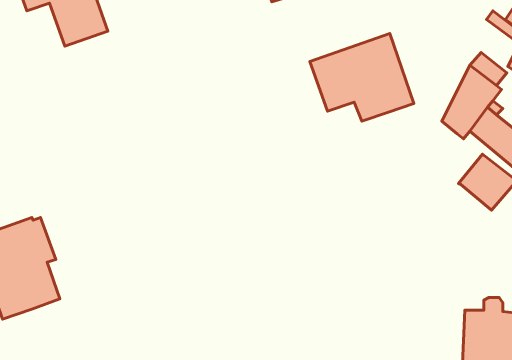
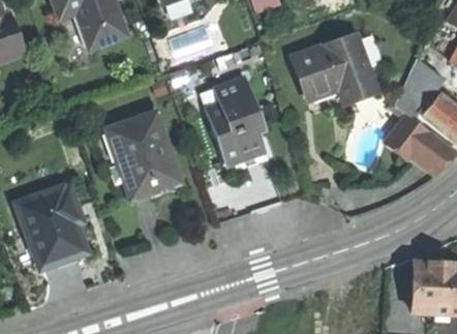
building: none -> [206,78,265,166]
building: none -> [106,112,175,200]
building: none -> [387,118,430,164]

